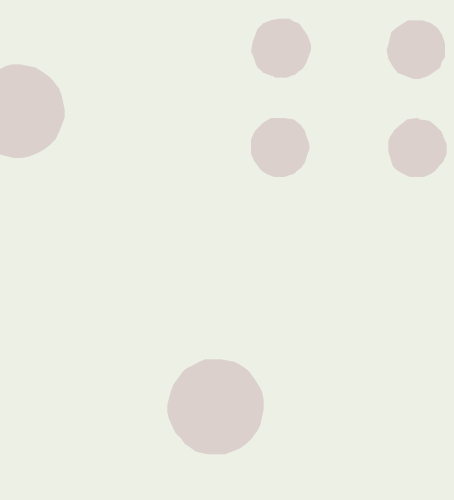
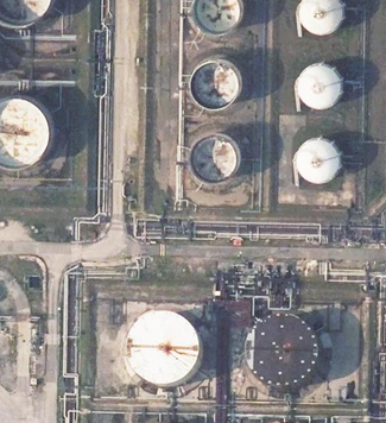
building: none -> [251,316,323,389]

